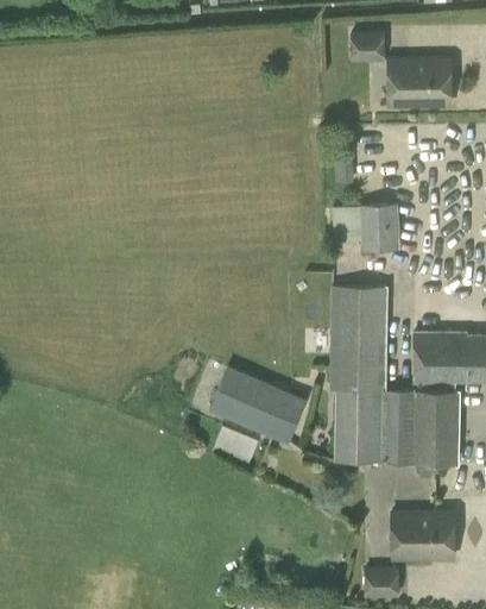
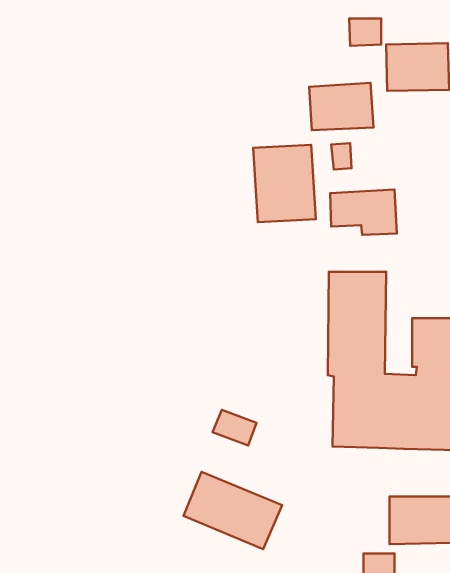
building: none -> [309,83,373,130]
building: none -> [253,145,316,222]
building: [208,366,307,444] -> [184,472,282,549]

